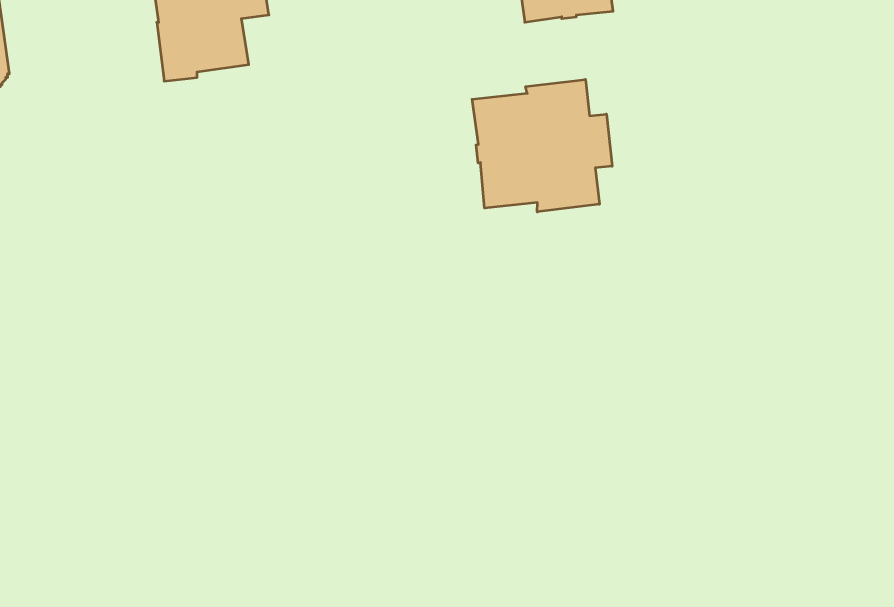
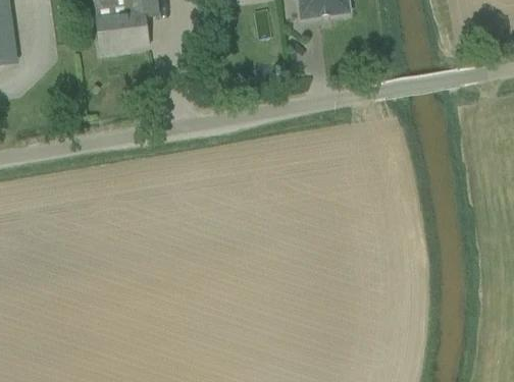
building: [472,79,612,212] -> none

